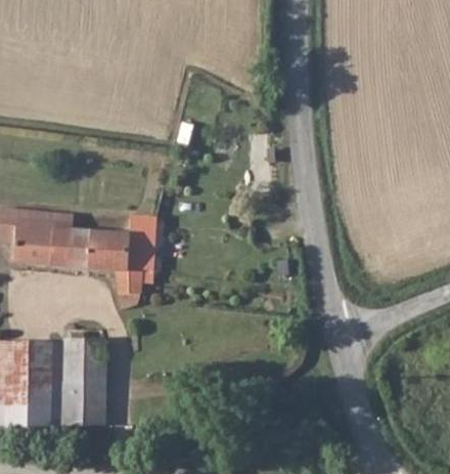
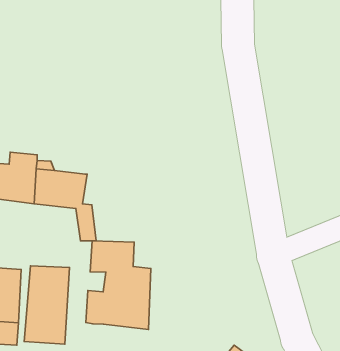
building: [123,216,155,270] -> none
building: none -> [86,241,151,330]

